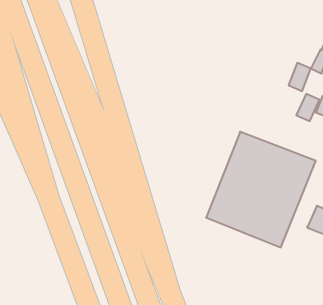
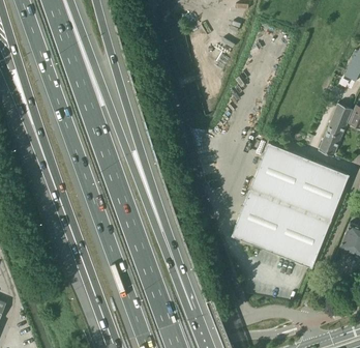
building: [289,63,311,91] -> [319,125,342,155]

